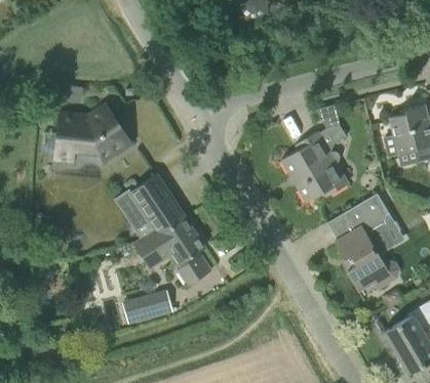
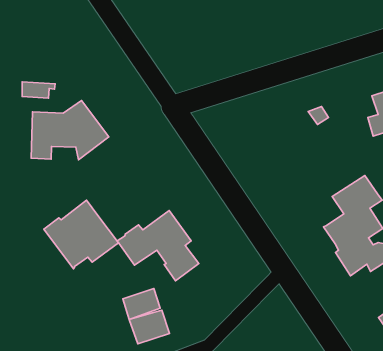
building: [281,131,348,202] -> none
building: [114,173,186,239] -> [44,200,119,269]
building: none -> [129,310,170,344]

